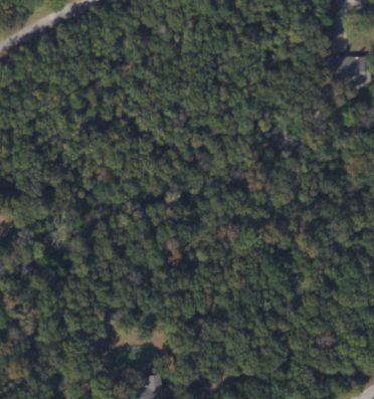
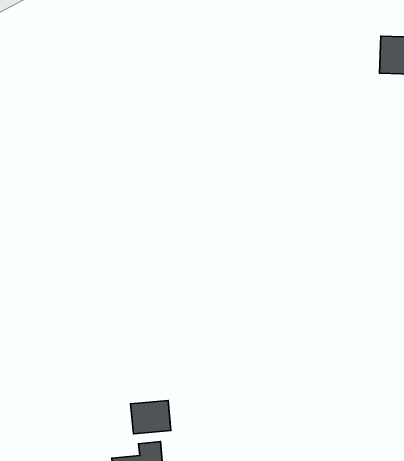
building: none -> [131,400,171,434]

